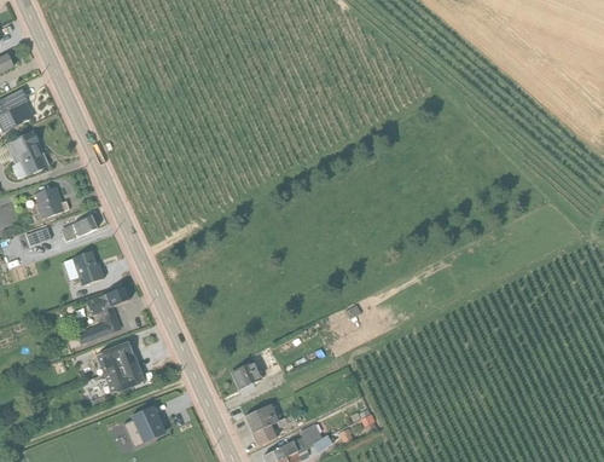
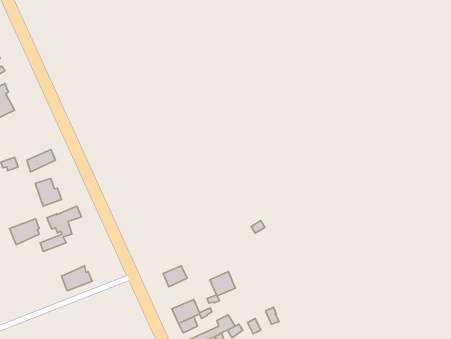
building: [35,185,70,218] -> none
building: [97,341,134,374] -> [10,219,39,245]
building: none -> [207,272,235,303]
building: [123,405,165,446] -> none

